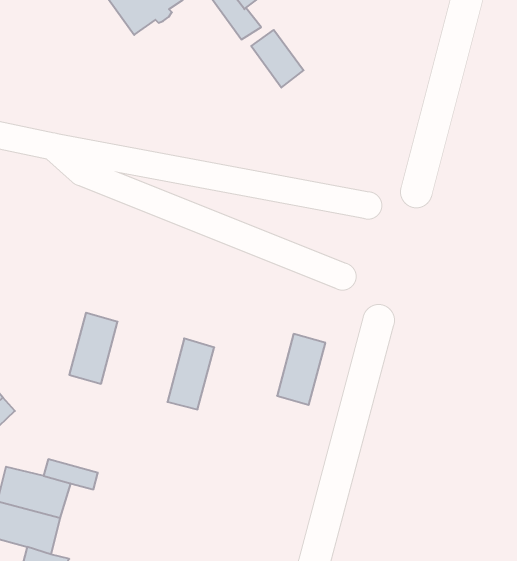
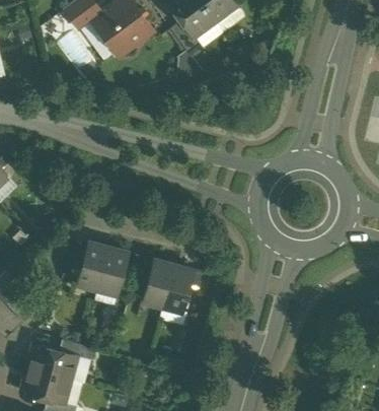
building: [251,30,304,88] -> none
building: none -> [98,248,130,294]
building: [277,334,325,405] -> [163,265,196,313]

